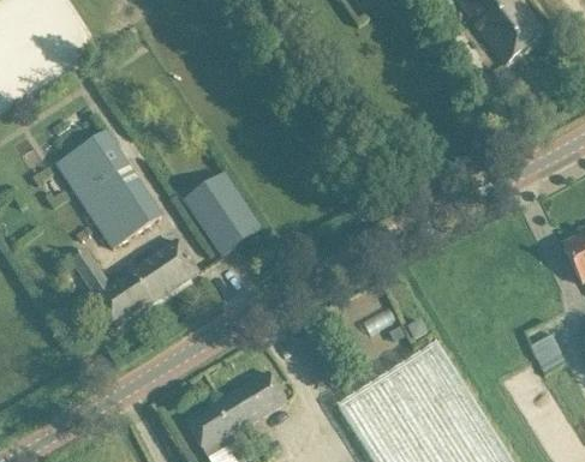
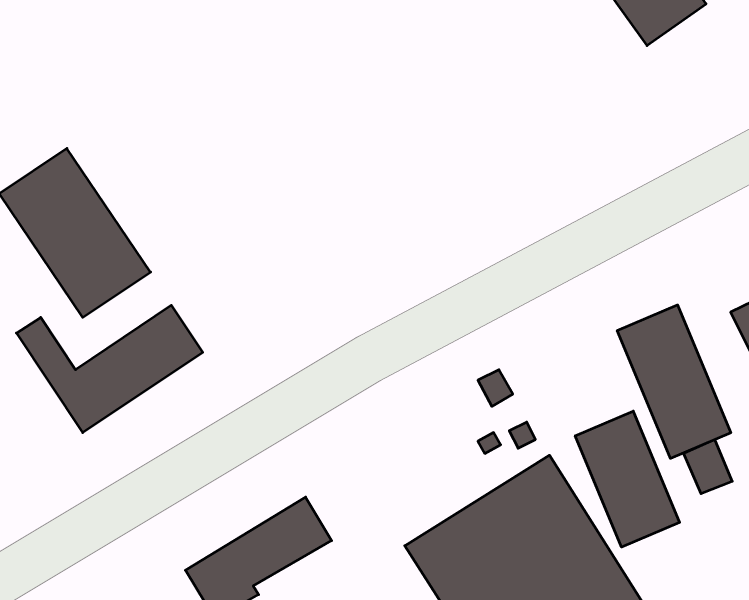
building: [185,175,261,257] -> none
building: none -> [617,305,731,458]
building: none -> [575,411,680,547]

